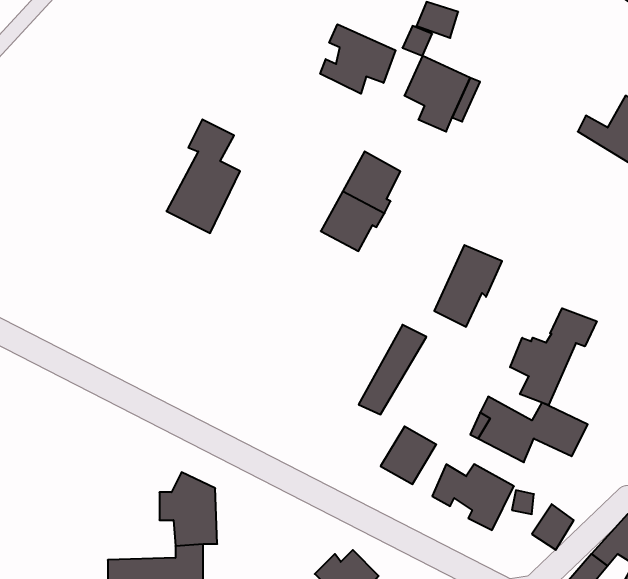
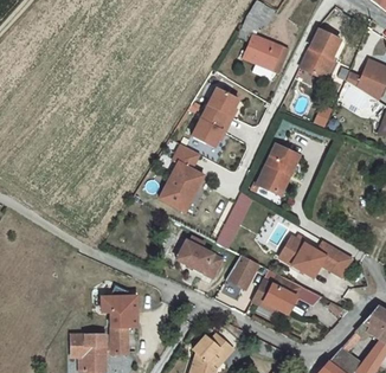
building: [320,24,396,94] -> none
building: none -> [303,28,343,76]
building: [166,119,240,233] -> [163,147,207,214]
building: [510,308,597,405] -> none
building: none -> [169,240,224,278]

